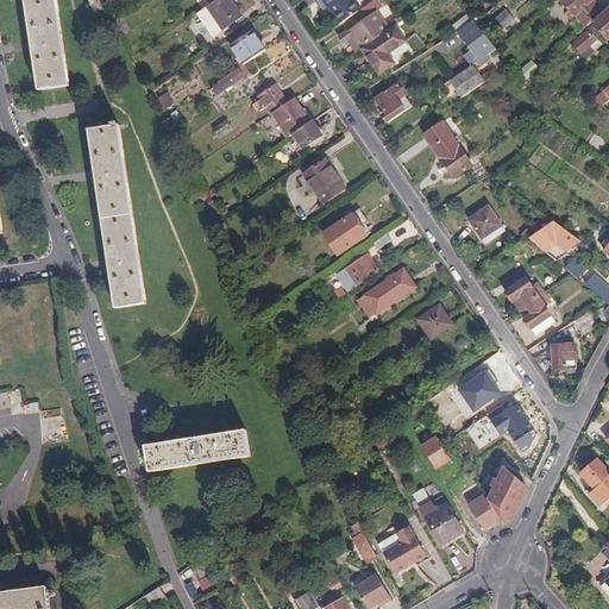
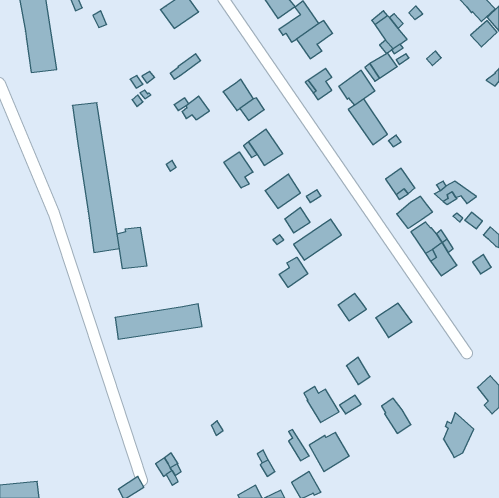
building: [230,30,264,63] -> none
building: [253,83,287,112] -> [182,96,209,120]
building: none -> [339,70,375,105]
building: none -> [224,152,253,188]
building: none -> [397,196,432,228]
building: none -> [117,227,147,269]
building: [417,303,452,337] -> [338,293,366,321]
building: none -> [279,257,308,287]
building: [552,343,576,371] -> none
building: [489,401,533,450] -> none
building: [144,428,250,471] -> [115,304,202,339]
building: [489,466,526,521] -> [443,413,474,458]
building: [420,498,463,542] -> [304,386,339,423]

